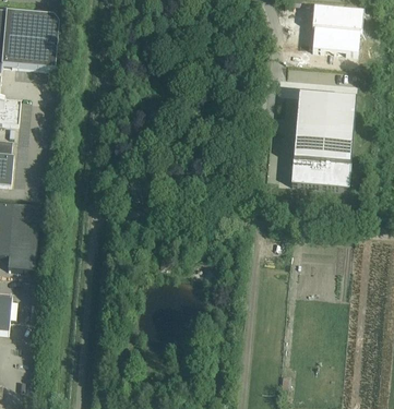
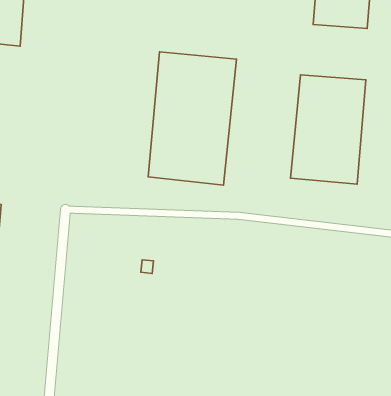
building: none -> [148,52,237,185]

